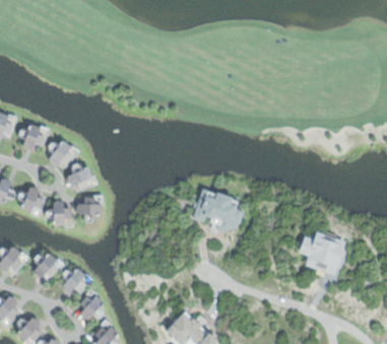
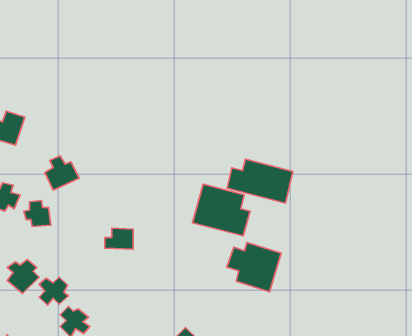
building: [48,139,78,168] -> none
building: none -> [227,159,293,203]
building: [75,195,100,213] -> [105,228,133,249]
building: [299,231,345,274] -> [227,242,281,292]

